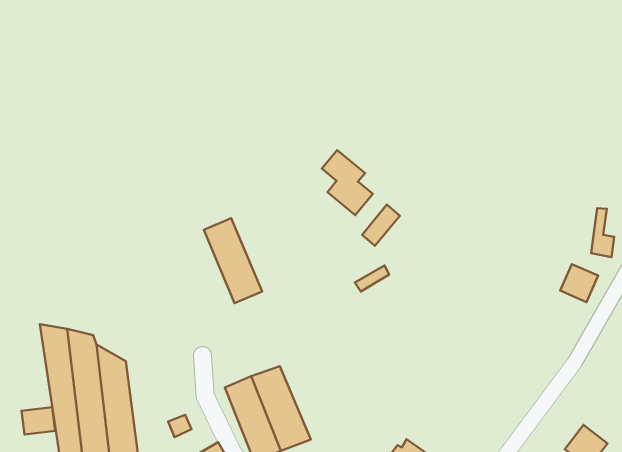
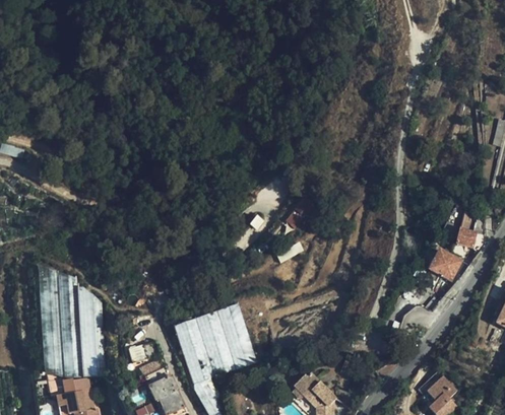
building: [322,150,373,215] -> none
building: [204,218,262,303] -> [216,304,257,368]
building: [22,407,55,434] -> none

